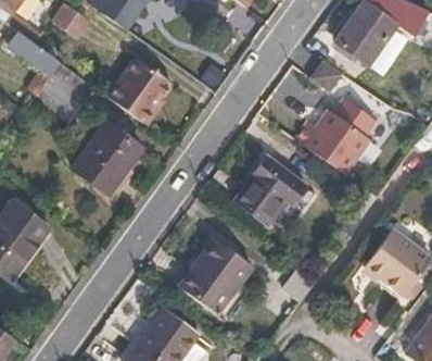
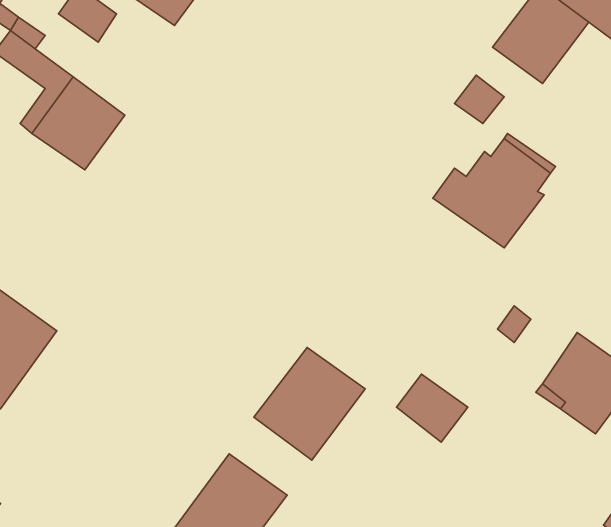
building: [106,54,171,123] -> none
building: [71,122,141,194] -> none
building: [234,157,314,225] -> none

